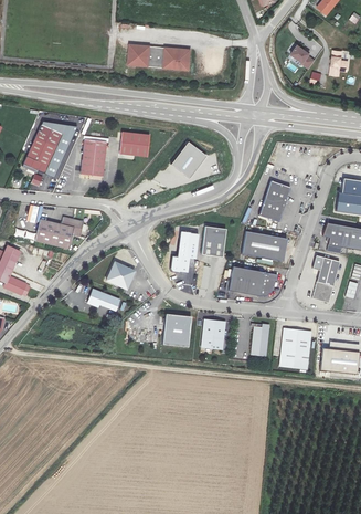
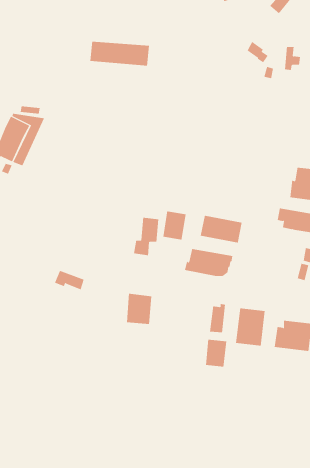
building: [119,133,149,158] -> none
building: [79,140,106,177] -> none
building: [171,143,208,178] -> none
building: [258,180,290,221] -> none
building: [34,217,83,250] -> none
building: [311,255,339,301] -> none
building: [106,260,135,287] -> none
building: [202,319,225,349] -> [205,339,227,367]

